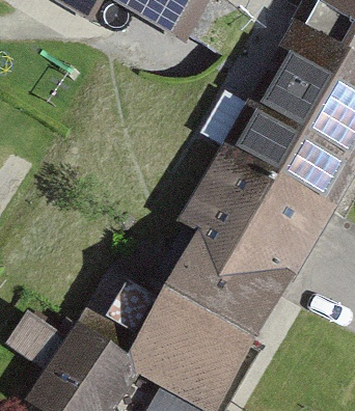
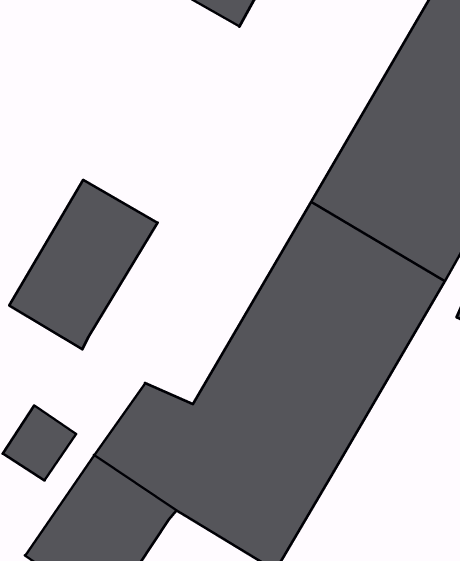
building: none -> [9,180,158,349]

